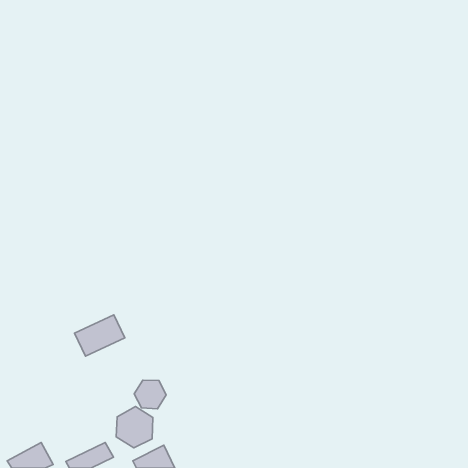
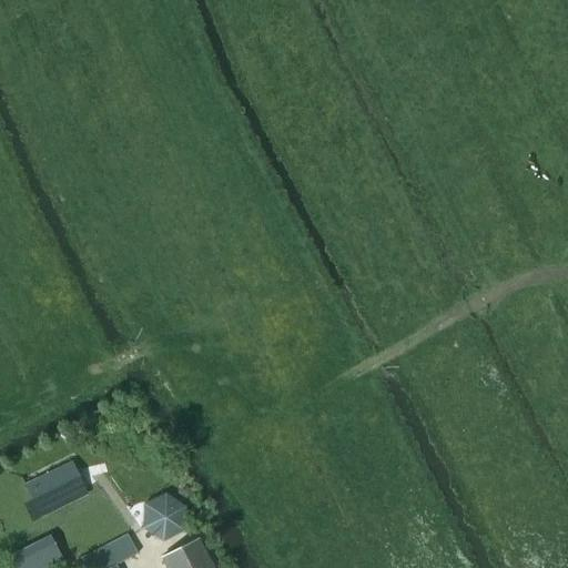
building: [74,315,125,356] -> [24,463,85,513]
building: [134,380,166,409] -> none

